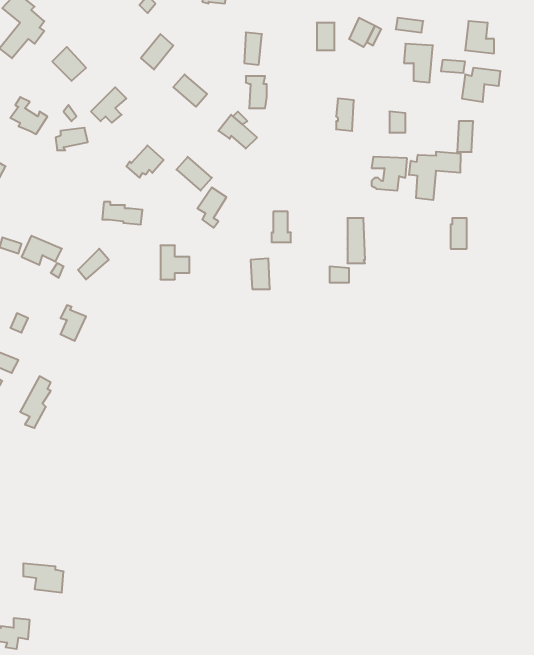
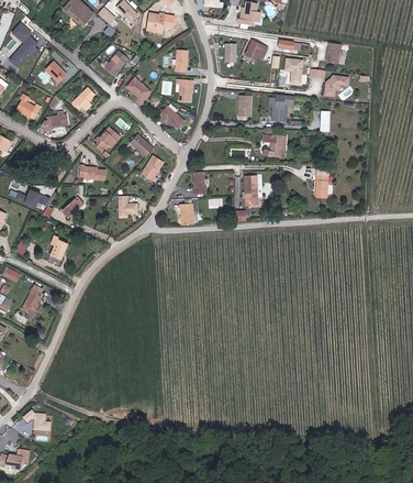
building: [409,152,461,200] -> none

